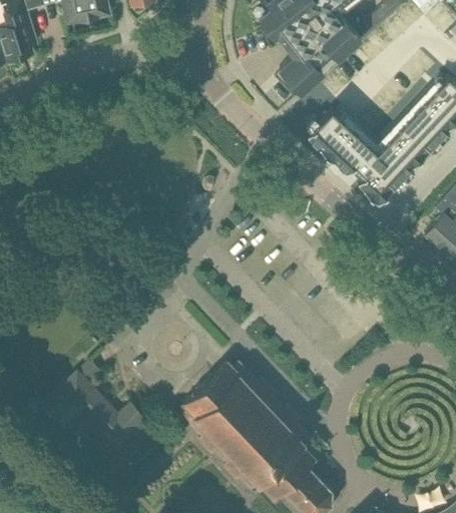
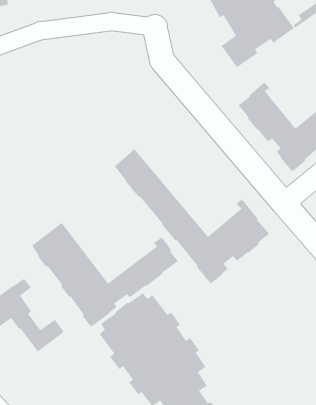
building: none -> [114,148,270,284]
building: none -> [31,222,179,328]

